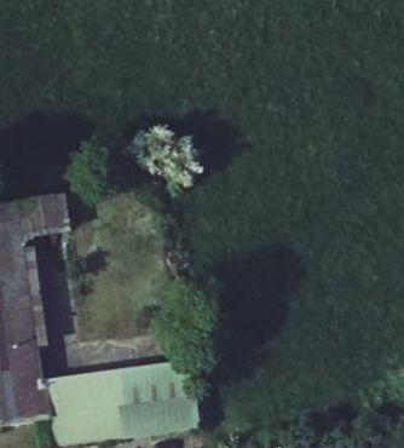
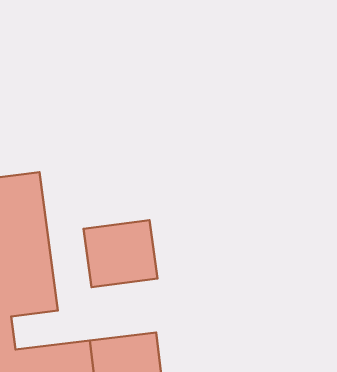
building: none -> [84,220,157,287]

